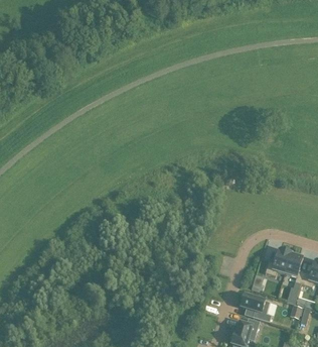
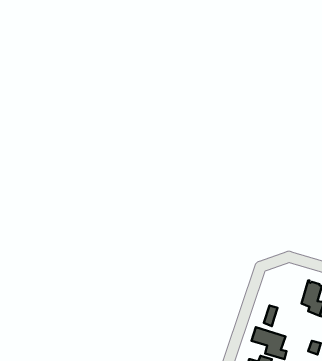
building: [264,248,290,274] -> none

